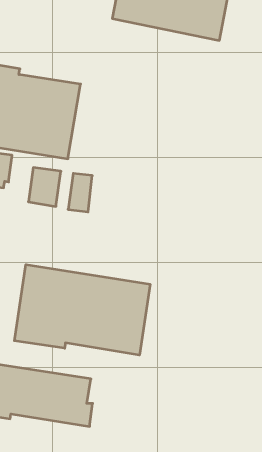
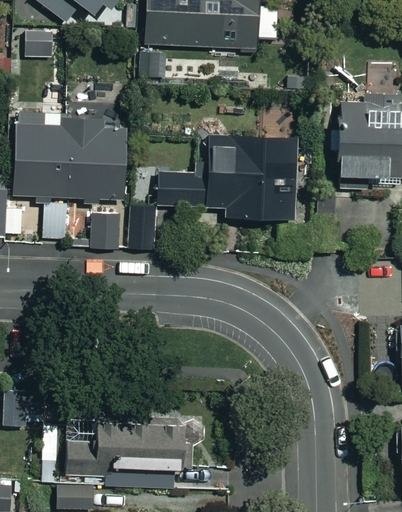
building: none -> [154,138,299,219]
building: [14,265,150,355] -> none

